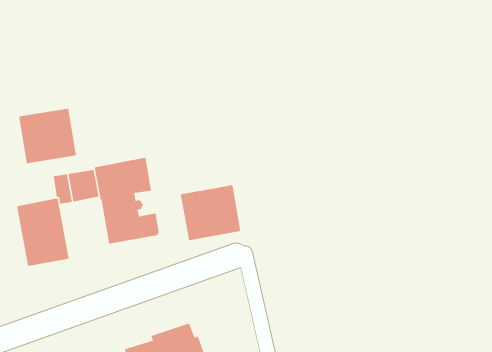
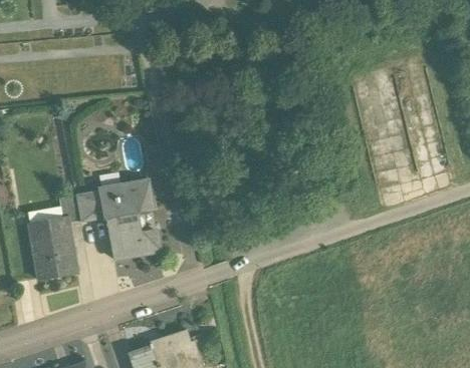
building: [18,108,77,164] -> none
building: [180,184,241,241] -> none

